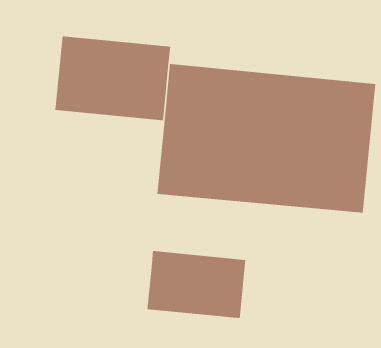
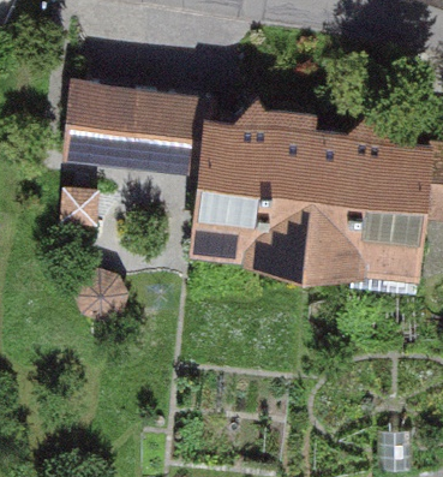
building: [147,250,246,319] -> none

